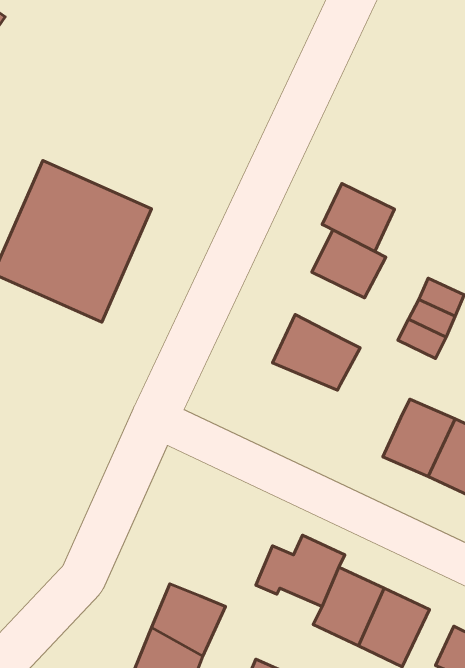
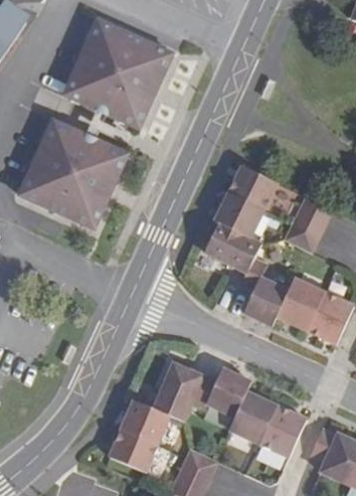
building: none -> [61,20,167,127]
building: [322,184,395,252] -> [216,193,264,238]
building: none -> [241,268,289,325]
building: none -> [155,363,203,421]

